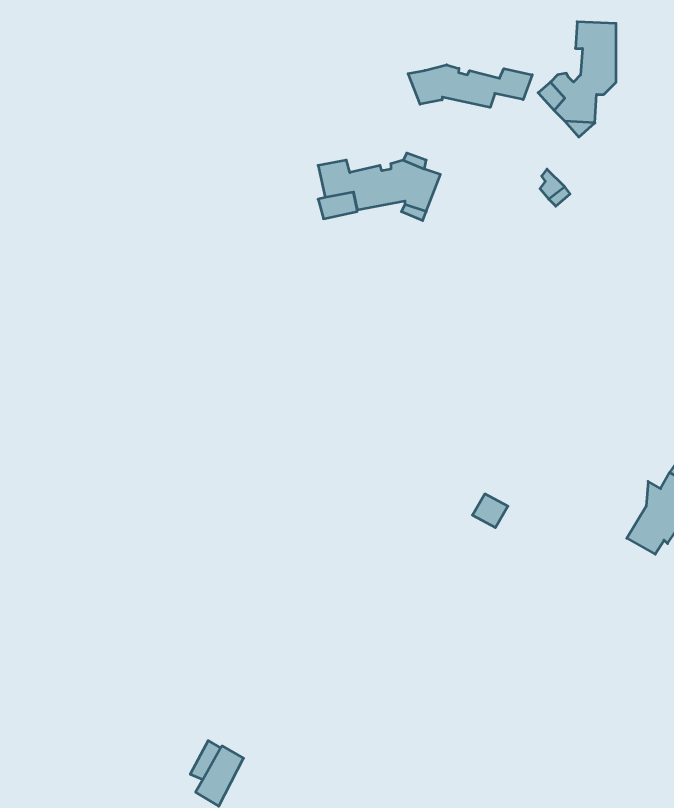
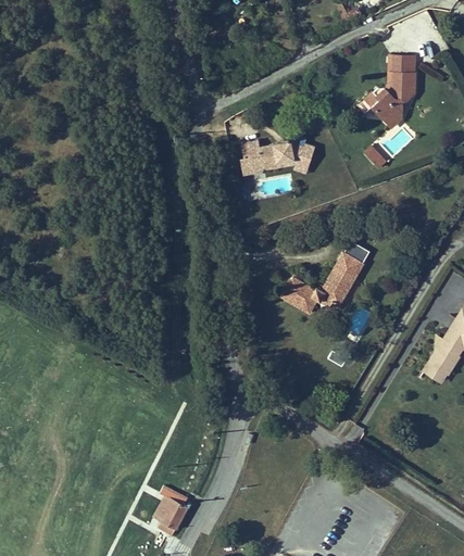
building: [408,65,532,107] -> none
building: none -> [284,251,365,312]

